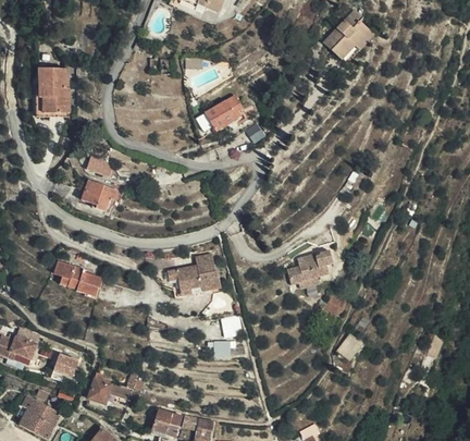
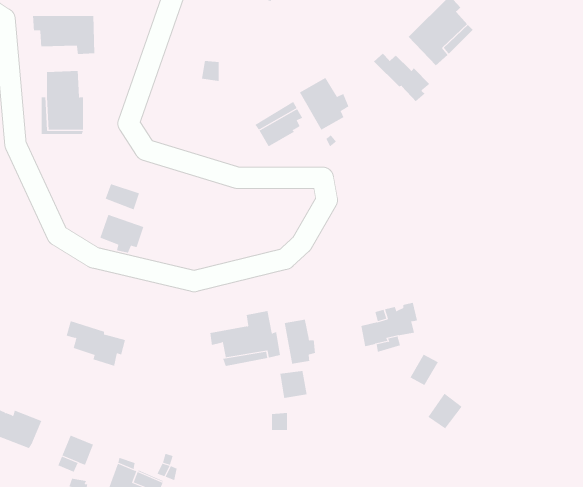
building: none -> [33,15,95,55]
building: none -> [373,53,430,102]
building: none -> [299,77,349,130]
building: none -> [284,319,315,364]

